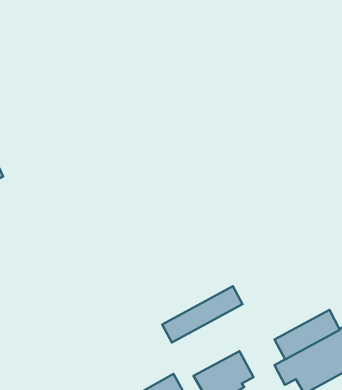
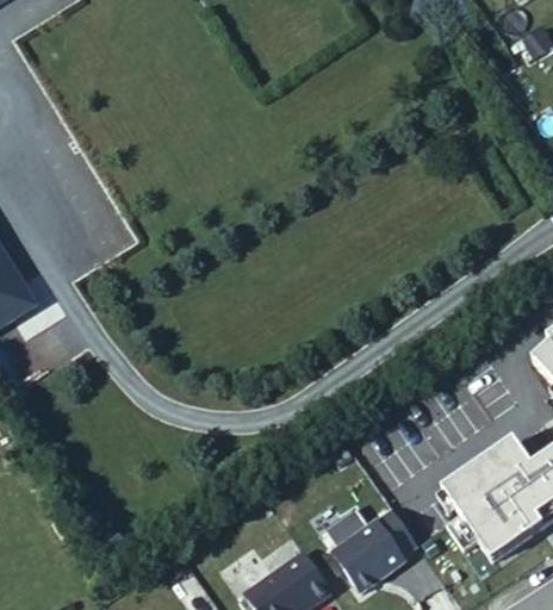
building: [162,286,243,342] -> none

